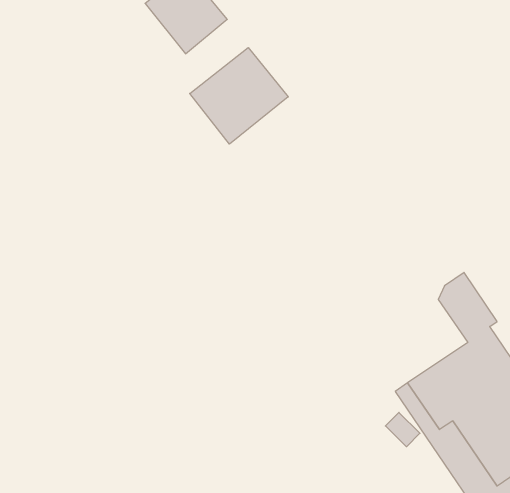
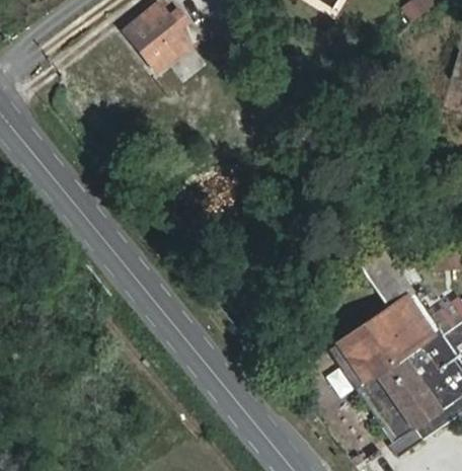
building: [190,48,288,144] -> none

